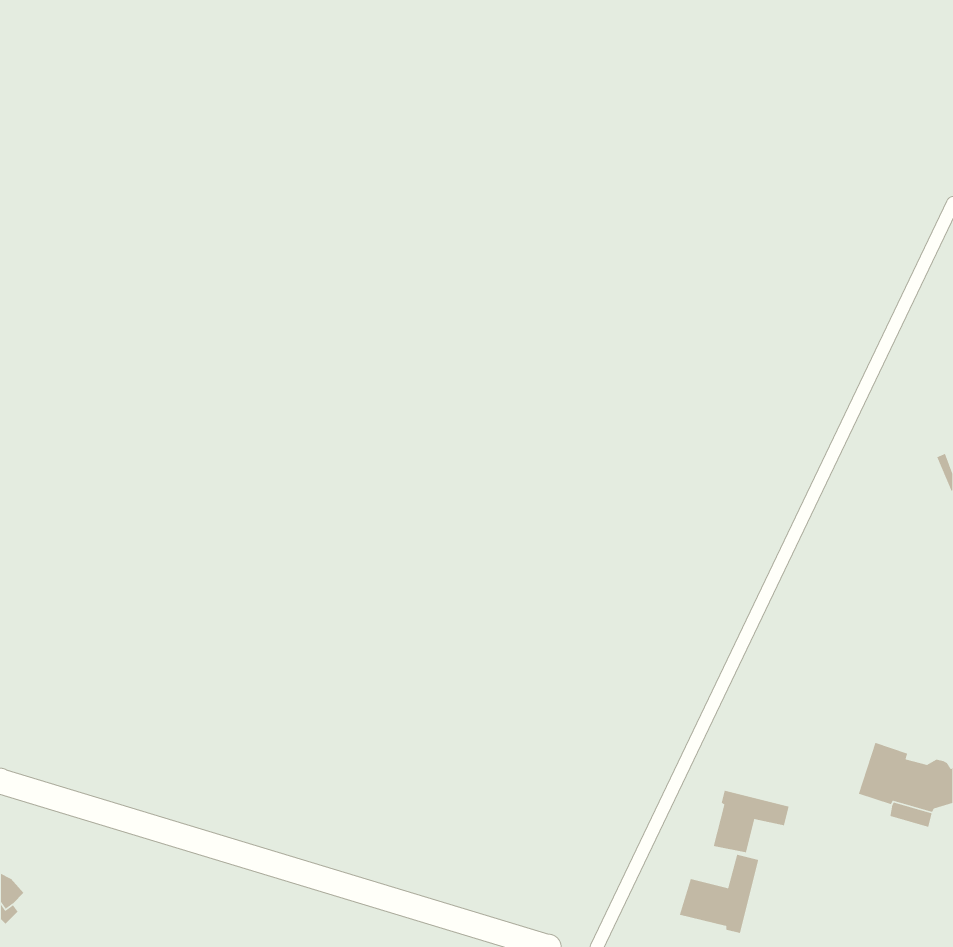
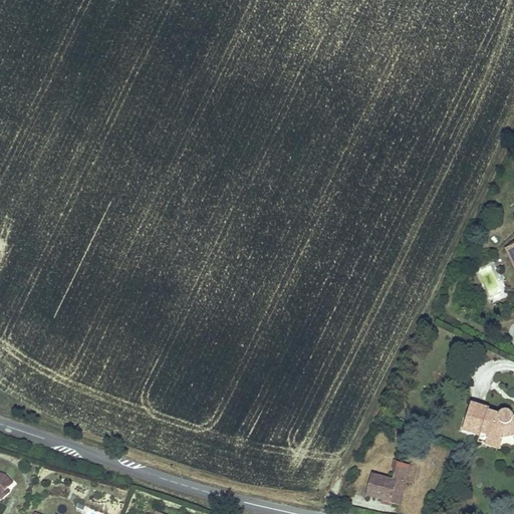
building: [713,790,790,853] -> none

